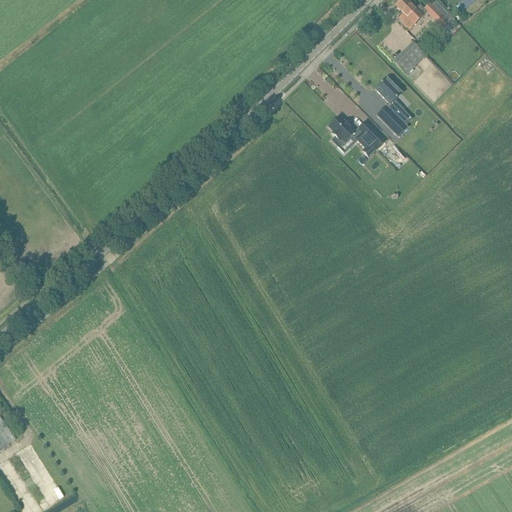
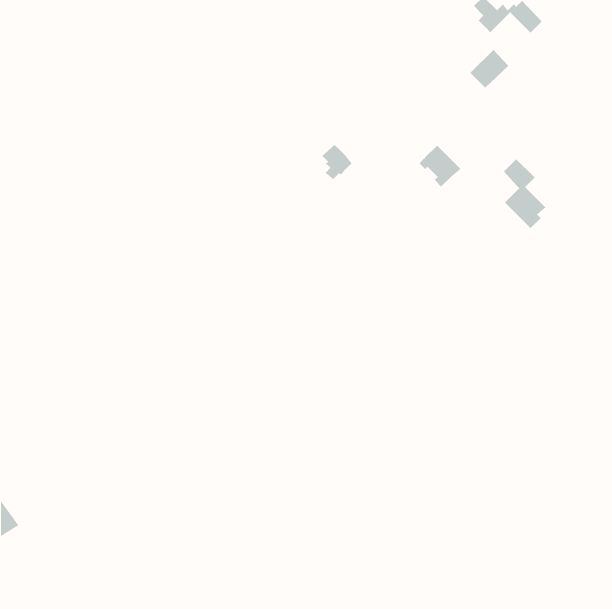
building: [375,77,411,136] -> [503,158,546,229]
building: [328,116,354,146] -> [321,144,352,180]

